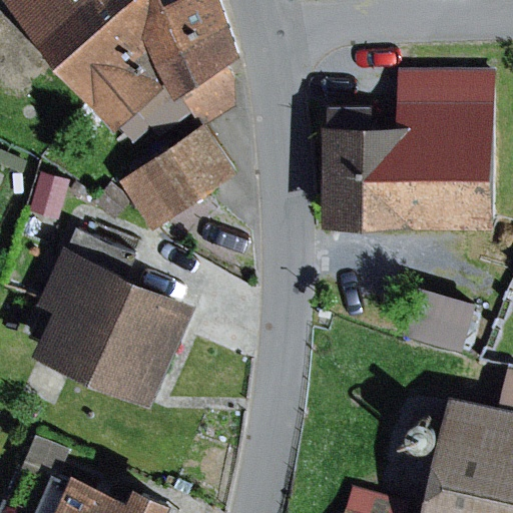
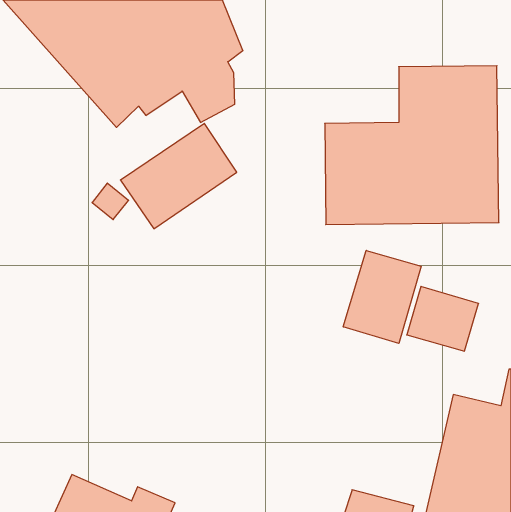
building: [34,248,195,405] -> none
building: none -> [343,250,421,343]

